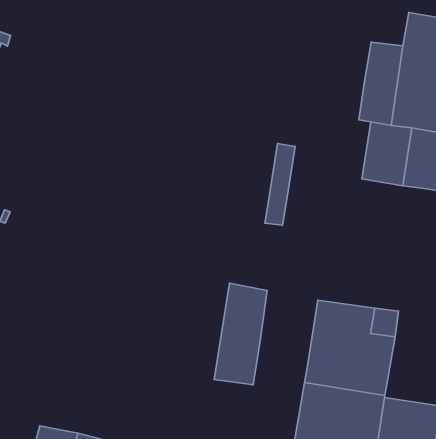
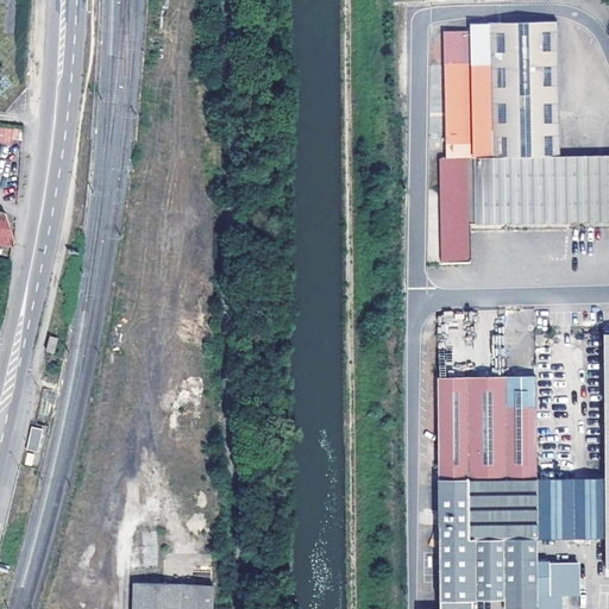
building: none -> [446,21,485,64]
building: [265,144,295,225] -> [441,158,464,255]
building: [214,283,267,385] -> none

